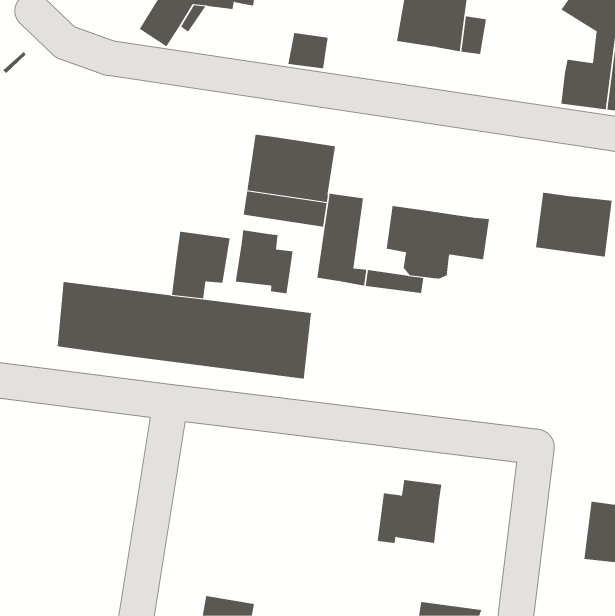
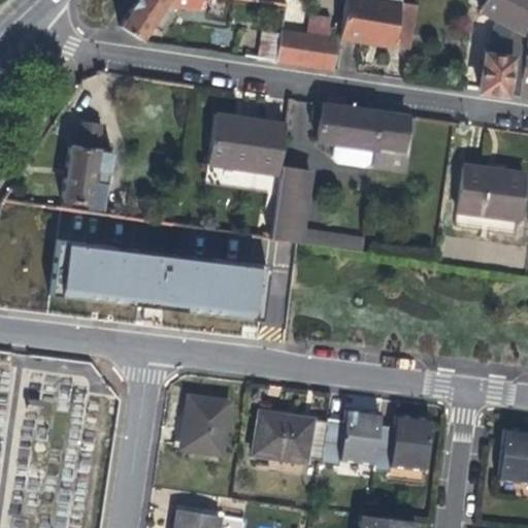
building: none -> [278,28,340,68]
building: [386,205,490,279] -> [319,103,407,166]
building: [235,230,293,294] -> none
building: [171,231,230,299] -> [63,145,113,203]
building: none -> [182,394,231,454]
building: none -> [255,414,329,463]
building: none -> [372,416,428,470]

